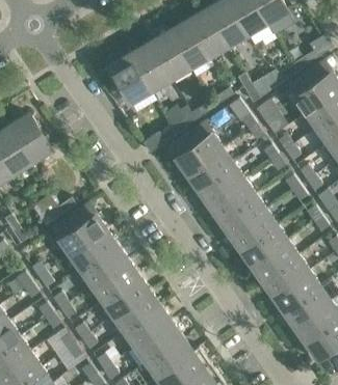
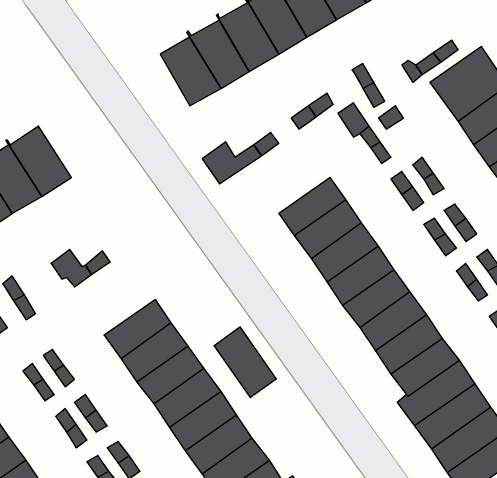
building: [171,123,224,174] -> none
building: [55,205,107,255] -> none
building: none -> [214,327,276,398]

